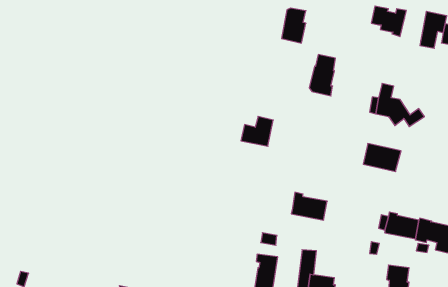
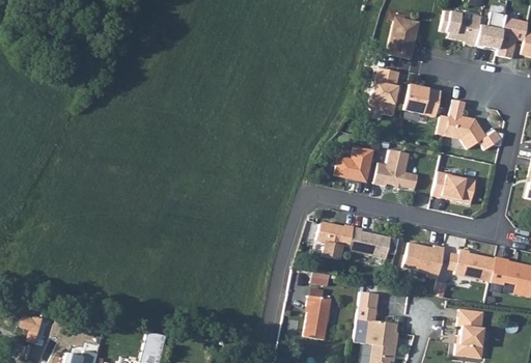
building: none -> [473,13,504,51]
building: [282,8,306,43] -> [388,18,416,58]
building: none -> [401,86,440,118]
building: [241,116,273,146] -> [333,145,370,179]
building: none -> [371,148,415,188]
building: none -> [315,222,352,259]
building: none -> [402,242,444,278]

